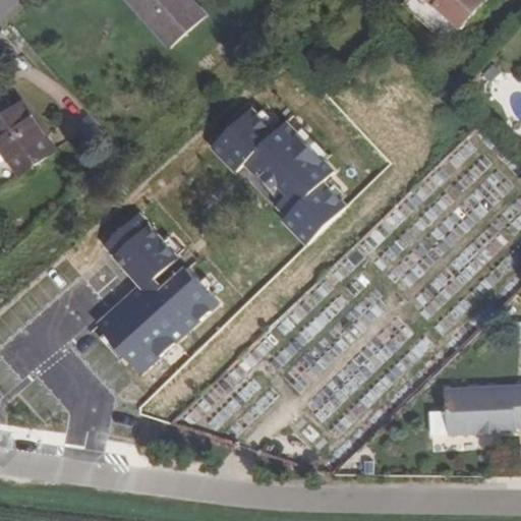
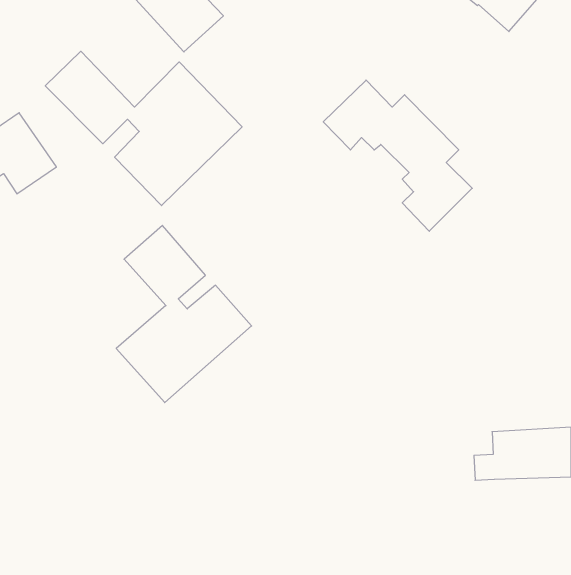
building: none -> [45,51,242,206]
building: [209,109,343,245] -> [323,80,472,231]

